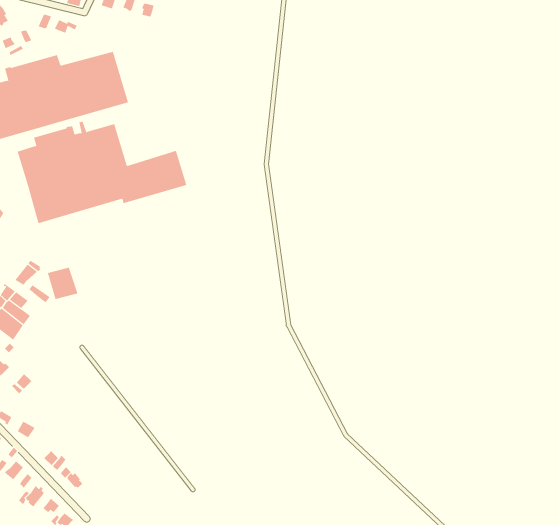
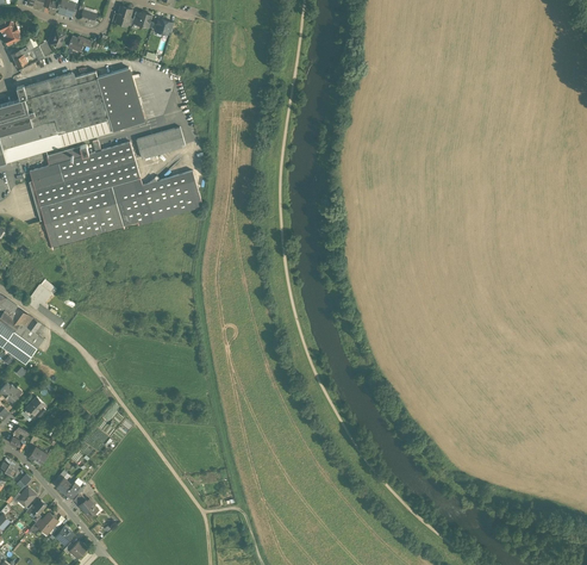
building: none -> [136,126,185,157]
building: [47,267,78,300] -> none

